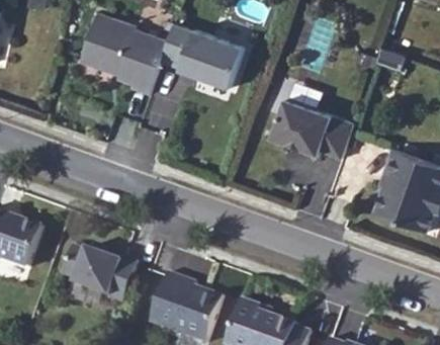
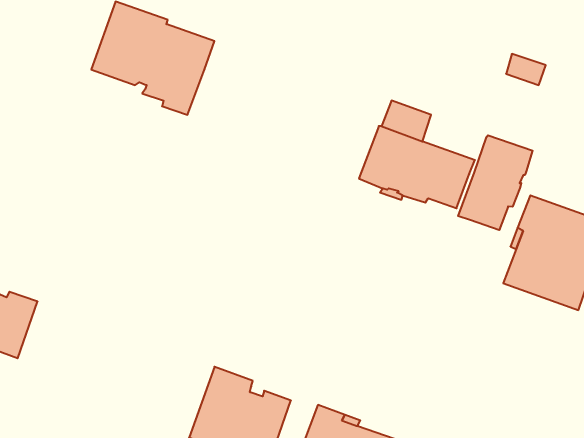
building: [161,23,244,87] -> none
building: none -> [458,135,533,230]
building: [63,247,138,305] -> none

